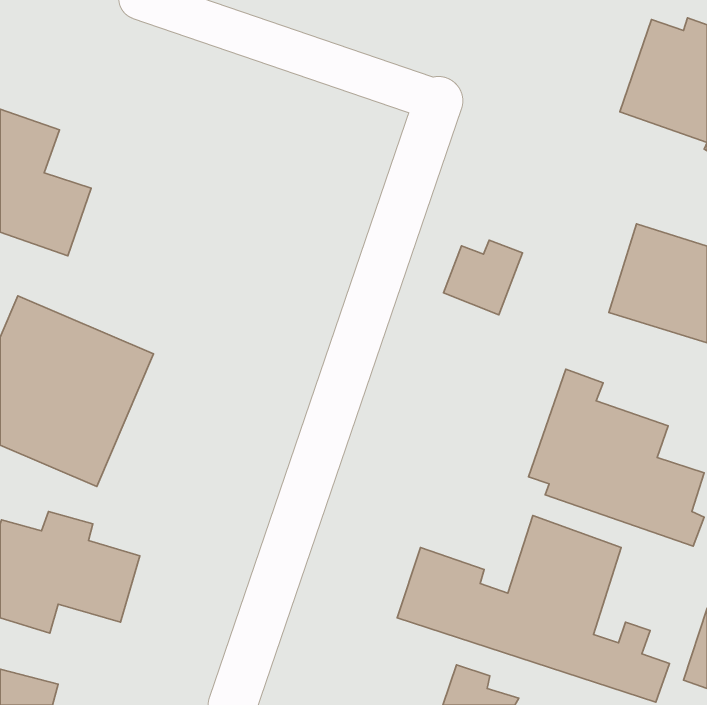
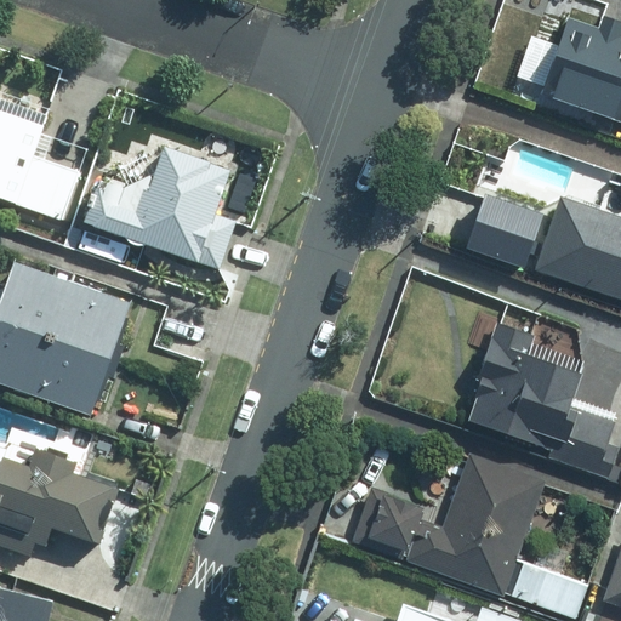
building: none -> [91,135,232,258]
building: [443,240,522,315] -> [472,198,541,263]

